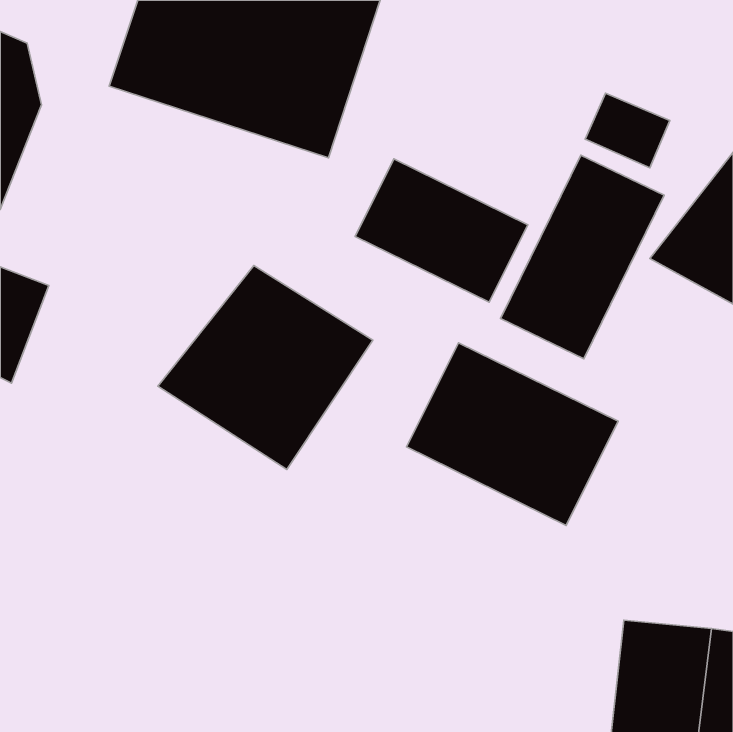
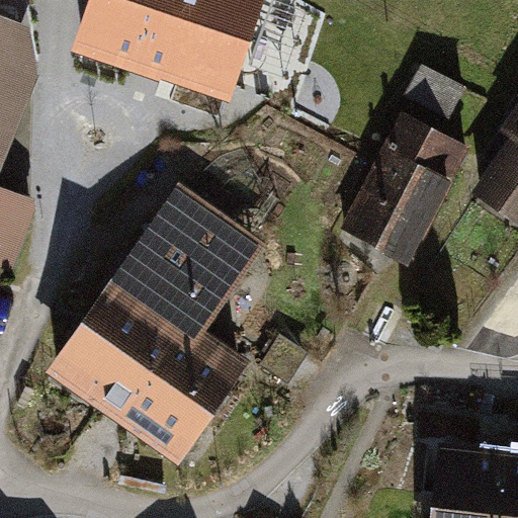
building: [355,159,528,302] -> none
building: [407,343,618,525] -> none
building: none -> [49,273,245,455]

